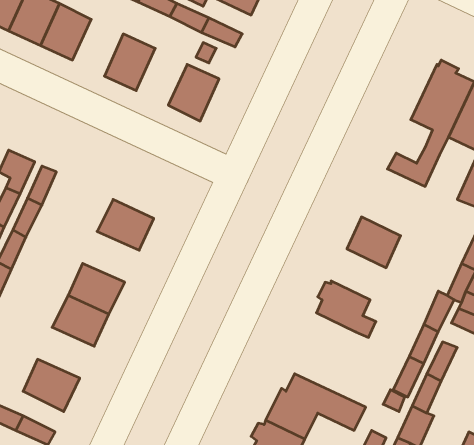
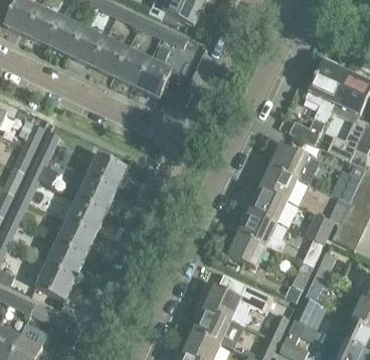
building: none -> [70,28,106,67]
building: none -> [115,48,150,87]
building: none -> [270,142,309,178]
building: none -> [77,175,117,210]
building: none -> [249,187,288,222]
building: none -> [228,231,266,267]
building: none -> [46,241,85,277]

